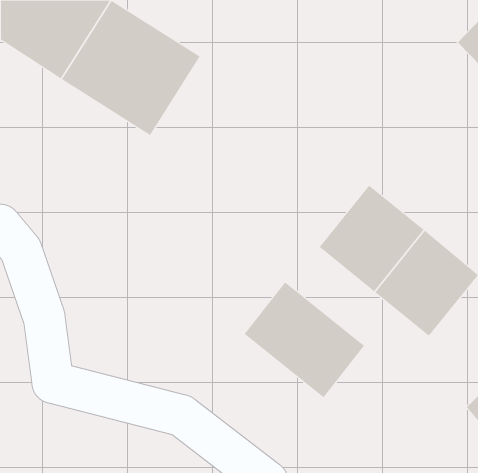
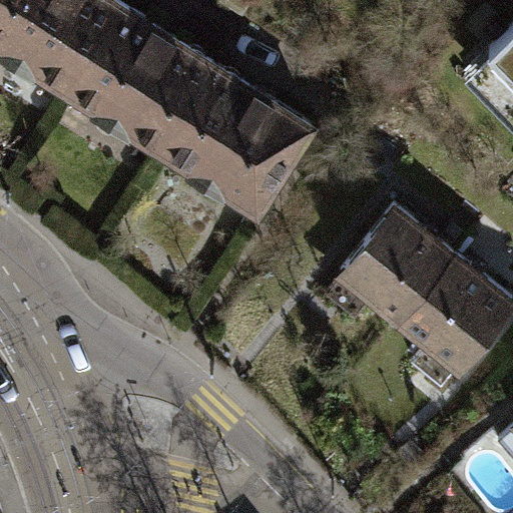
building: none -> [163,69,312,213]
building: [244,282,365,398] -> none

